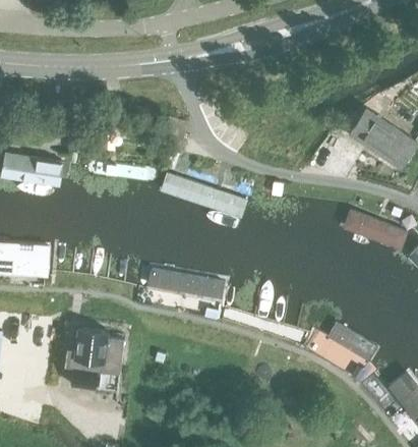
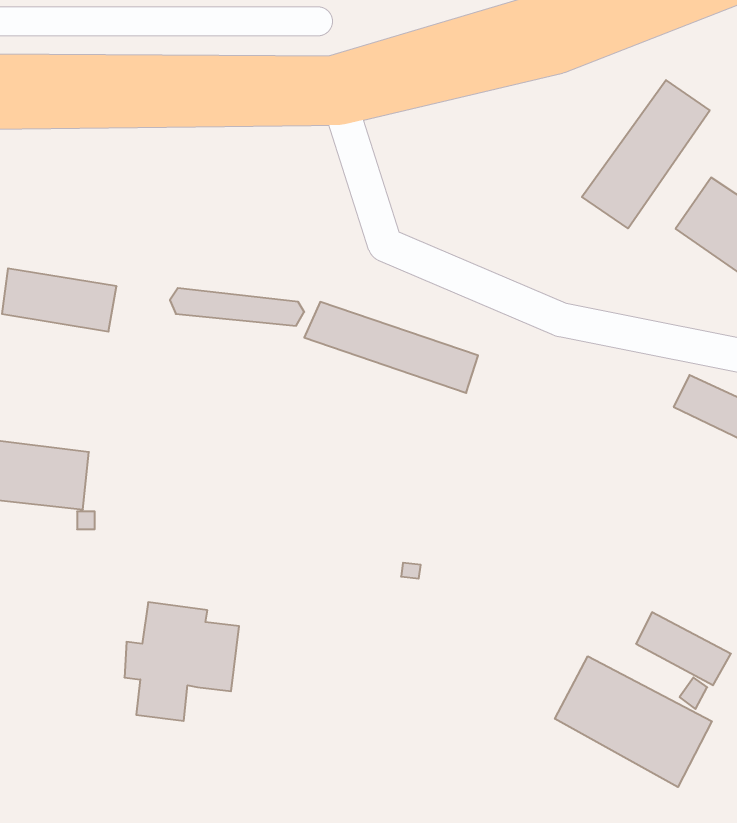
building: none -> [582,80,710,228]
building: [154,274,229,304] -> none
building: none -> [555,656,712,787]

